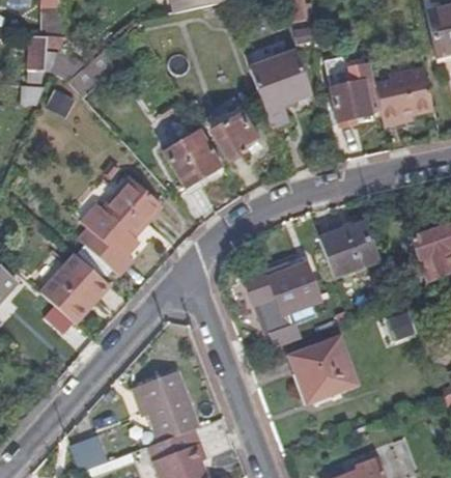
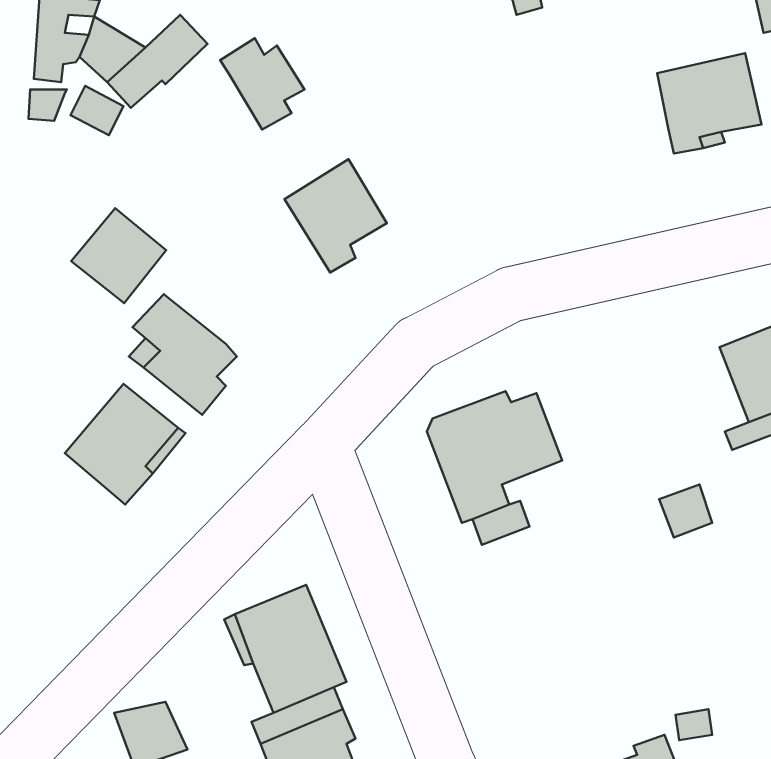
building: [325,55,384,129] -> none
building: [253,57,314,133] -> none
building: [206,109,254,161] -> [220,38,304,130]
building: [103,179,157,233] -> [71,208,166,303]
building: [321,220,378,275] -> none
building: [291,338,357,400] -> none

